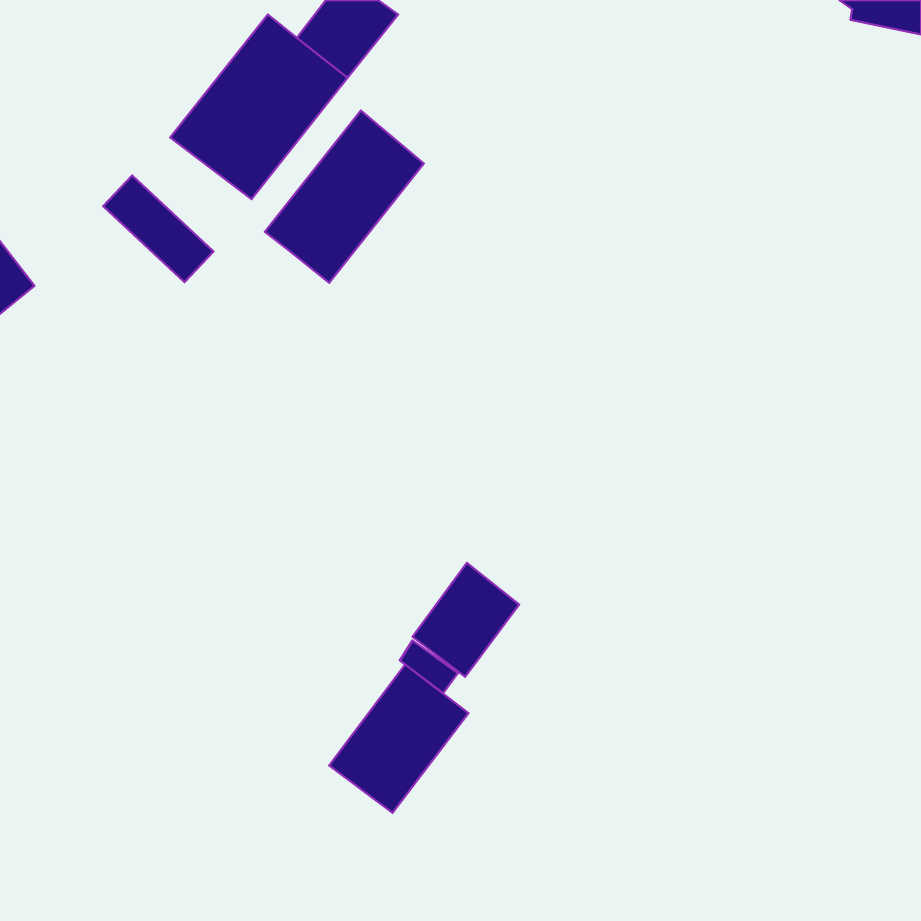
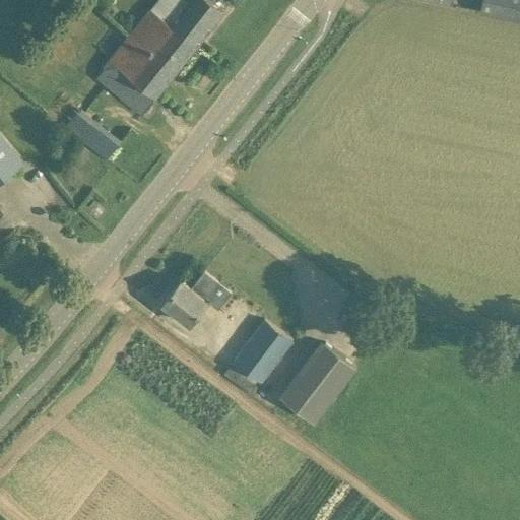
building: [265,111,424,283] -> none
building: none -> [161,271,216,323]
building: [329,664,468,813] -> [278,339,356,422]

